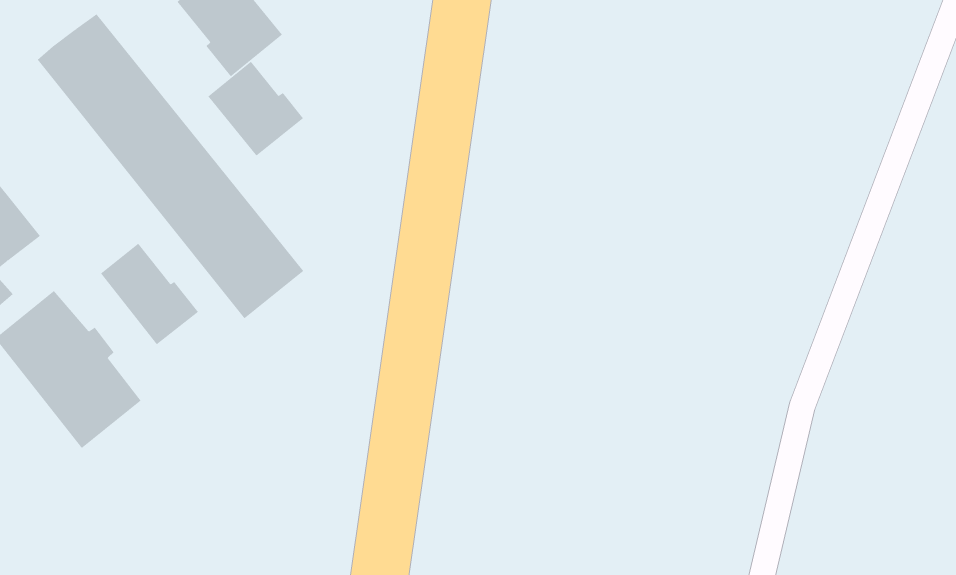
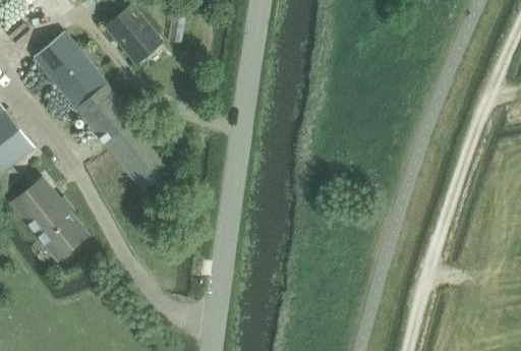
building: [208,61,304,157] -> none
building: [100,243,199,345] -> none

